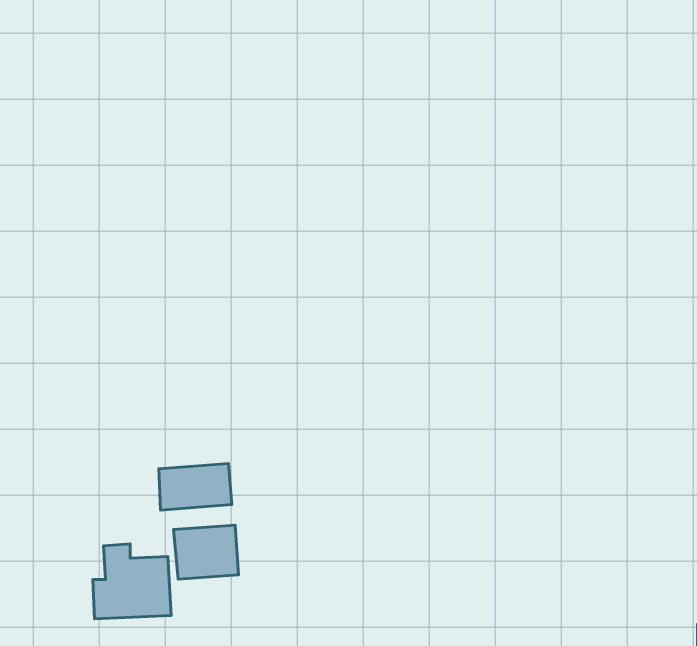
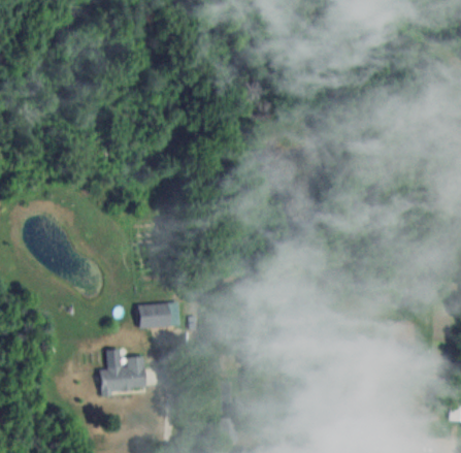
building: [174,525,238,579] -> none

